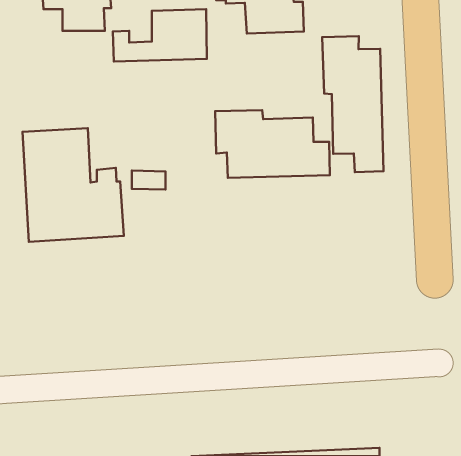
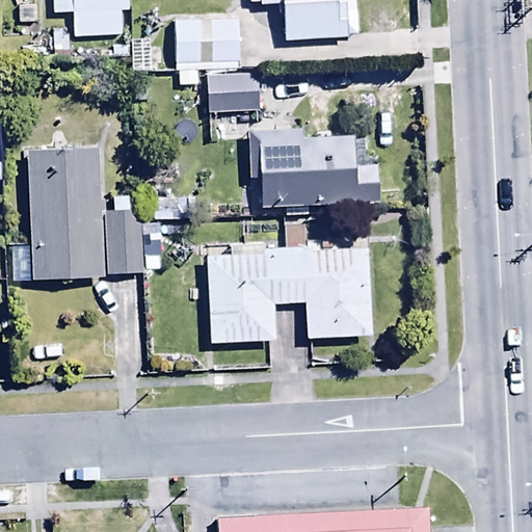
building: [322,36,384,172] -> none
building: none -> [209,71,260,113]
building: none -> [207,217,370,342]

